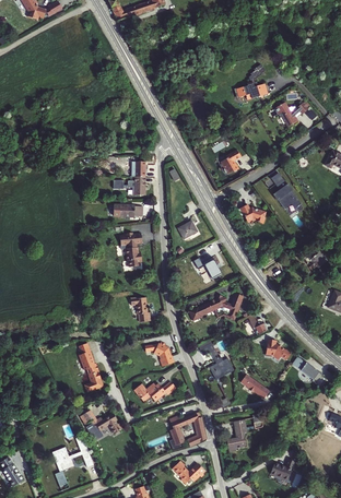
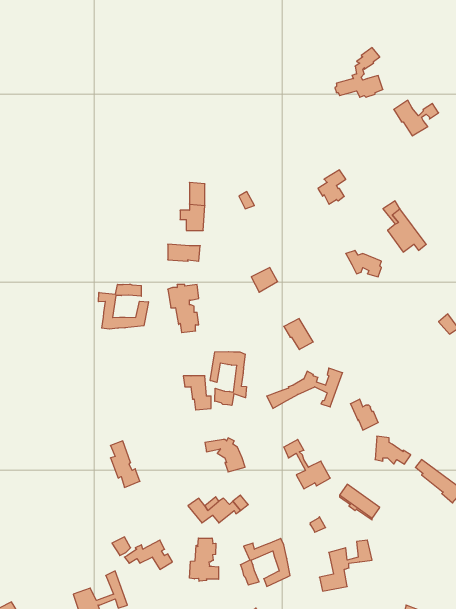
building: none -> [98,284,148,329]
building: none -> [210,352,246,405]
building: none -> [190,538,219,581]

